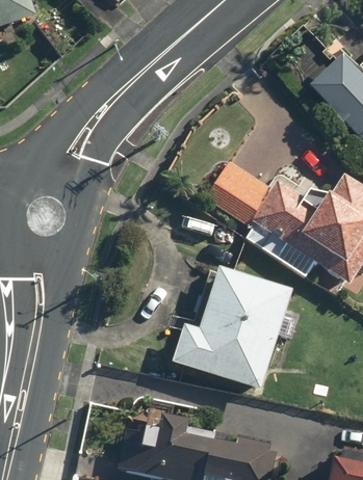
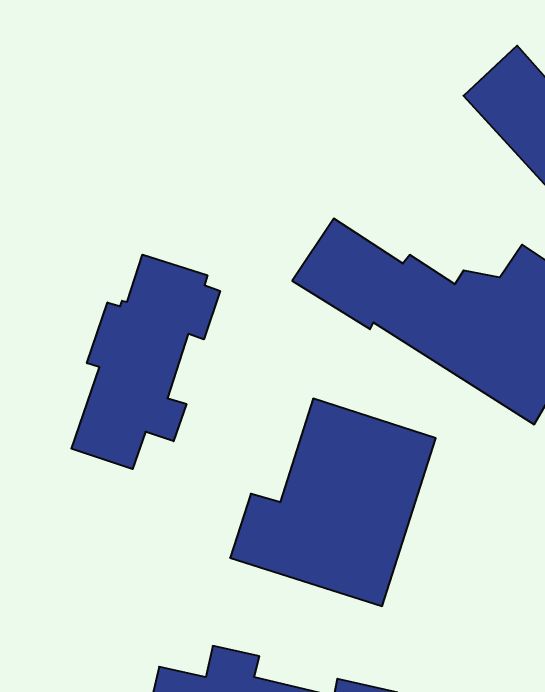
building: none -> [71,255,220,469]

